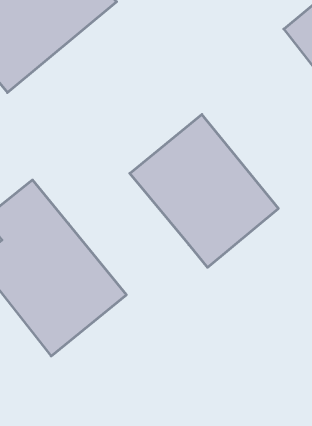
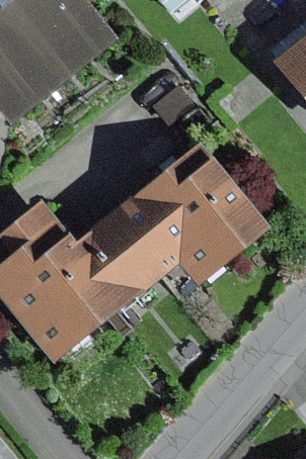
building: none -> [72,196,183,308]

